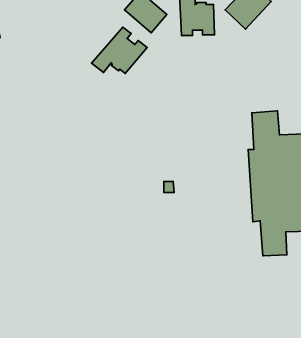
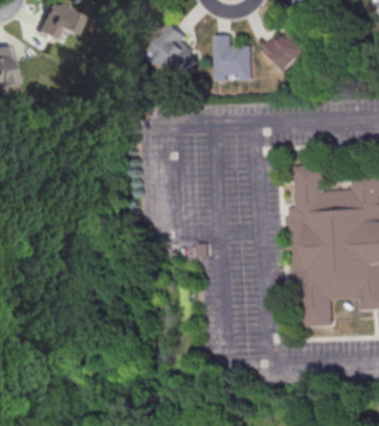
building: [92,27,147,74] -> none

